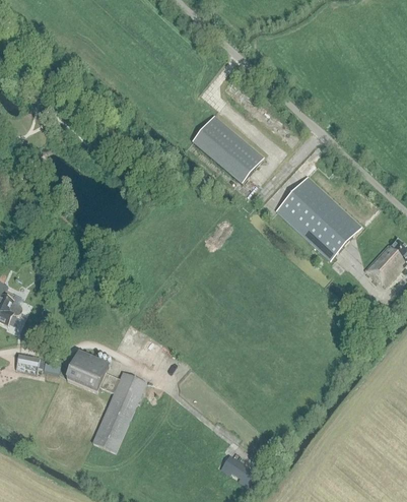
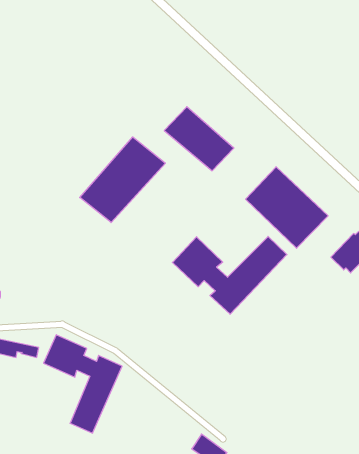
building: none -> [80,137,165,223]
building: none -> [172,236,287,314]

